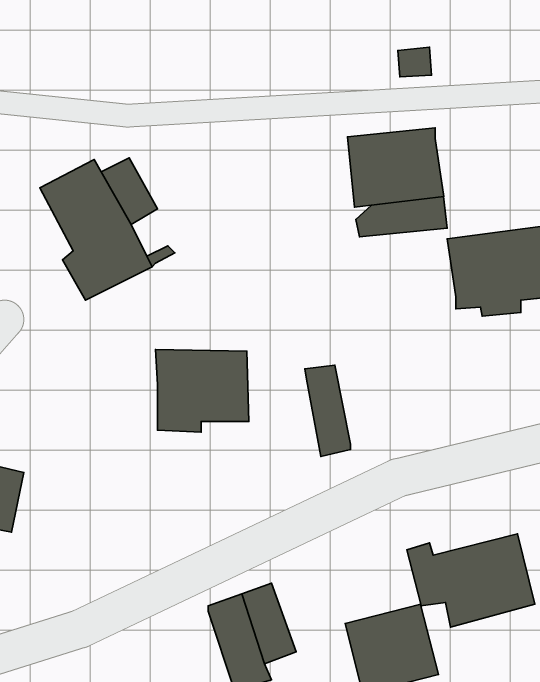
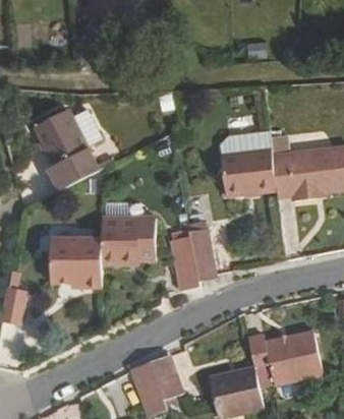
building: [347,128,444,207] -> [219,149,275,195]
building: none -> [169,237,198,291]
building: none -> [51,240,102,288]

